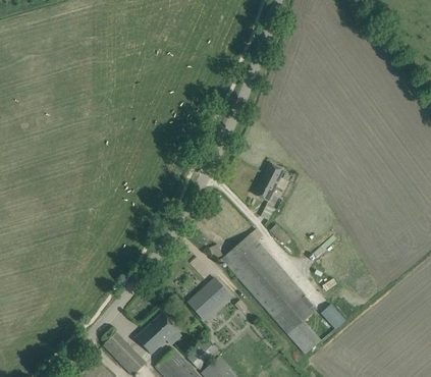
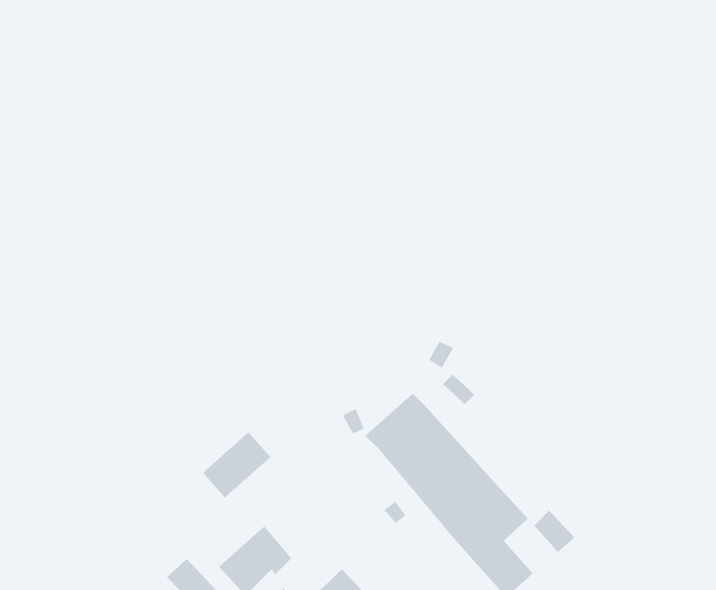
building: [255,164,285,202] -> none
building: [188,278,229,318] -> [202,431,271,499]

